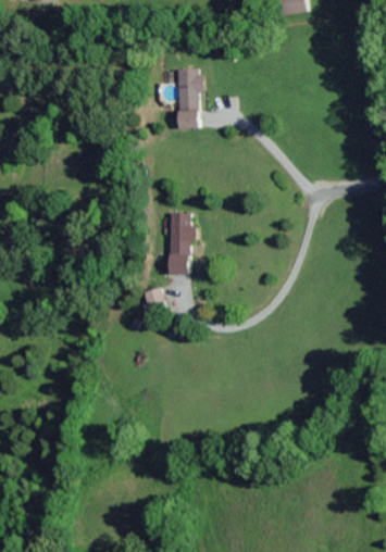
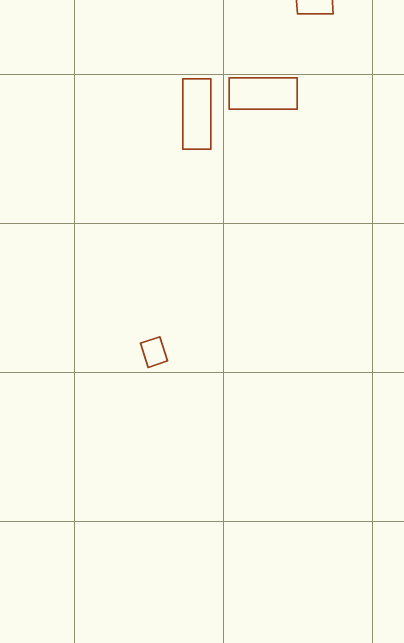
building: none -> [229,78,297,109]
building: [170,213,196,274] -> none

